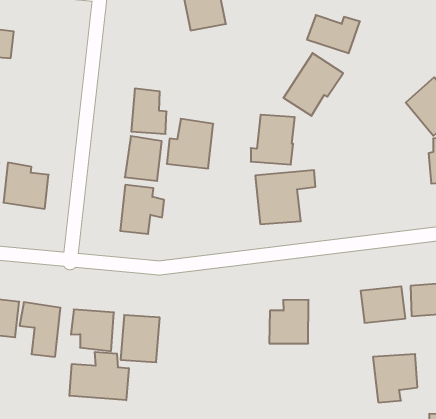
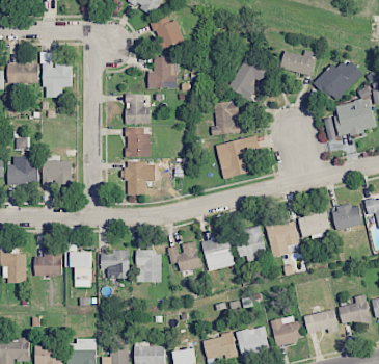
building: [307,15,360,53] -> [280,50,316,75]
building: none -> [43,52,73,98]
building: [167,119,213,168] -> [148,56,178,88]
building: none -> [201,234,233,261]
building: none -> [168,241,201,271]
building: [70,352,129,400] -> none
building: [373,354,417,402] -> [266,220,299,257]

